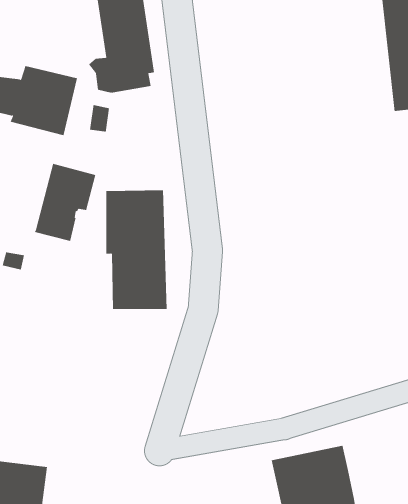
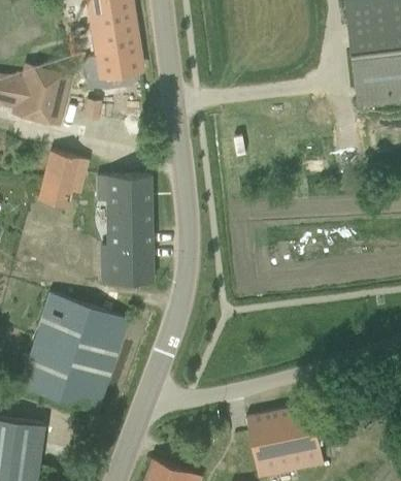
building: none -> [18,292,130,413]

